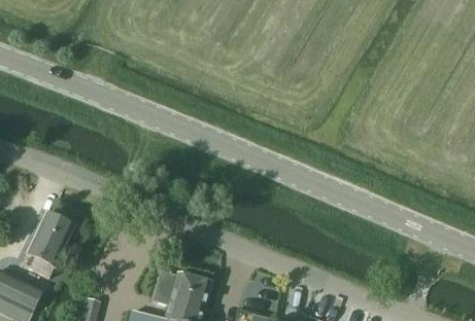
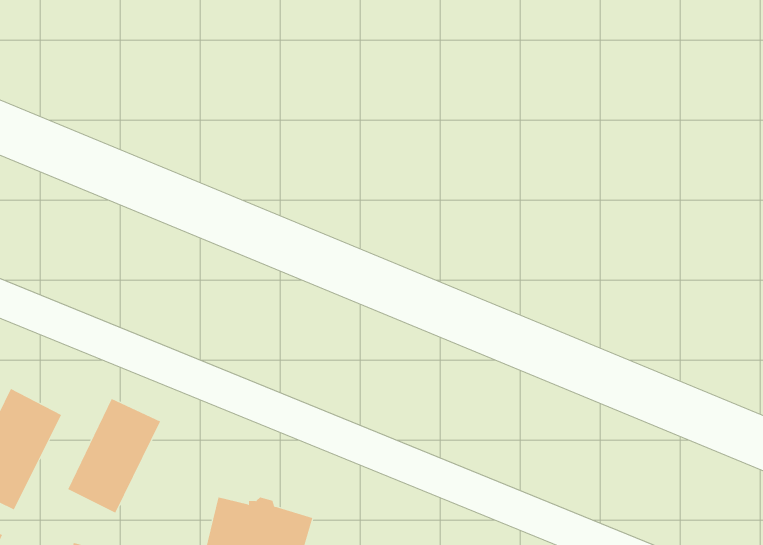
building: none -> [68,398,161,513]

